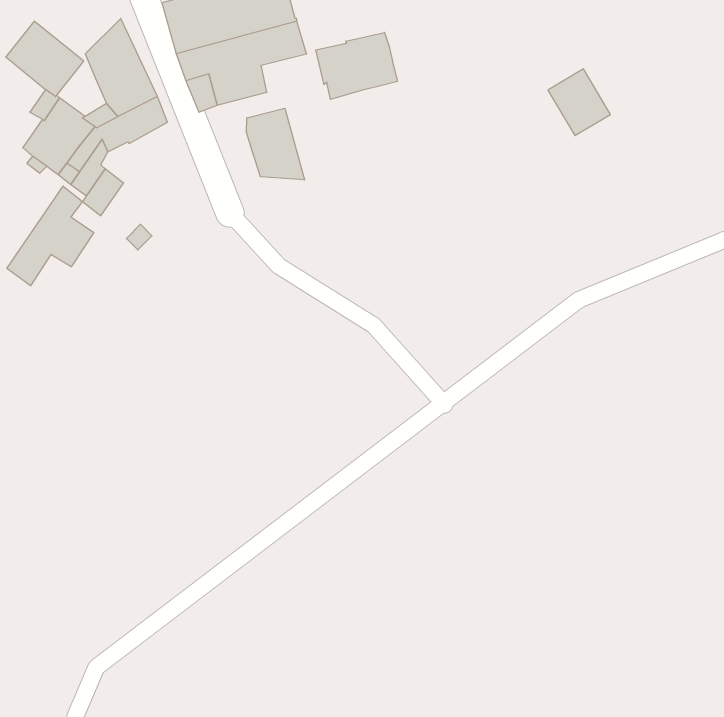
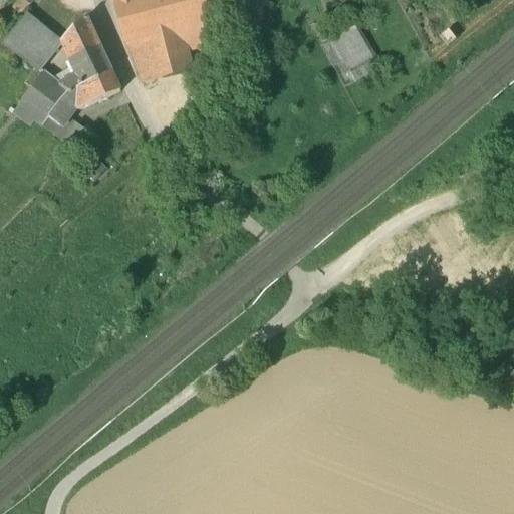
building: [316,32,397,99] -> none
building: [548,69,610,136] -> [332,26,376,73]
building: [247,108,304,180] -> none
building: [7,186,94,286] -> none

